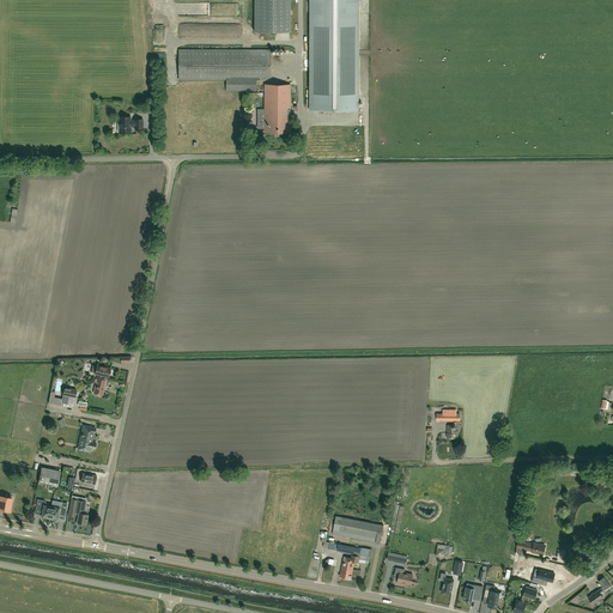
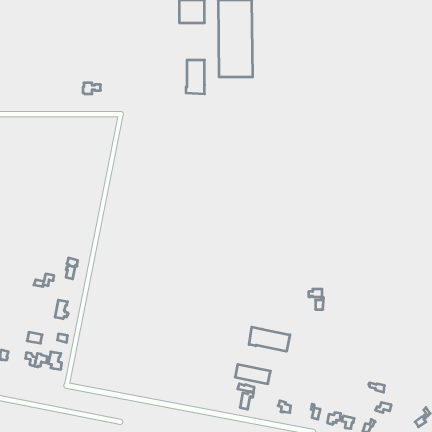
building: [178,50,271,91] -> none
building: none -> [249,327,290,351]

